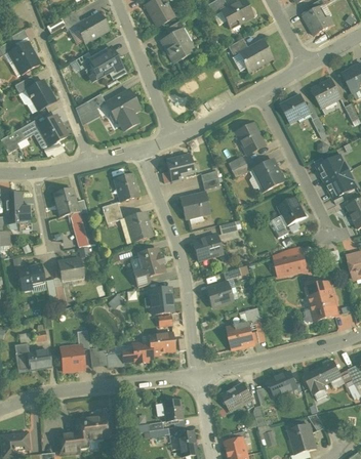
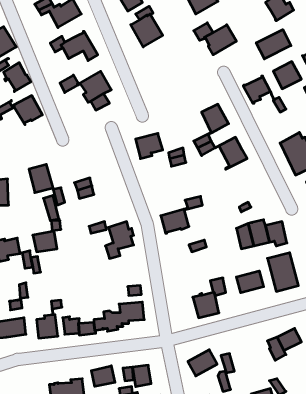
building: none -> [256,30,291,59]
building: [114,173,138,201] -> none
building: [181,192,210,217] -> none
building: [278,196,306,224] -> none
building: [125,211,152,241] -> none
building: [206,281,233,306] -> none
building: [152,286,171,312] -> none
building: none -> [236,271,264,293]
building: [269,371,297,397] -> none
building: none -> [91,366,115,386]

